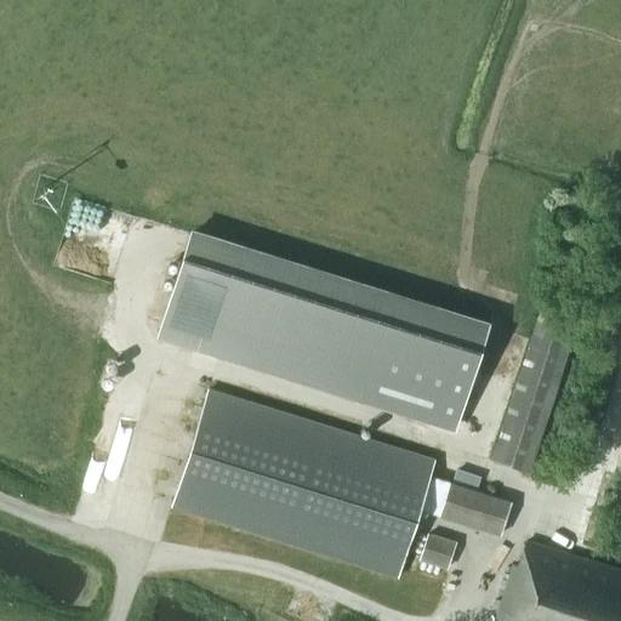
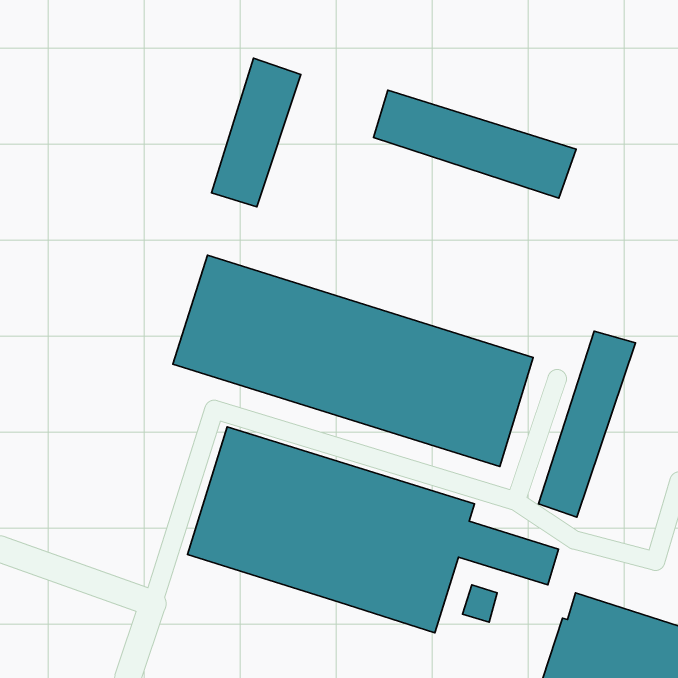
building: none -> [211,58,301,207]
building: none -> [374,90,576,198]

